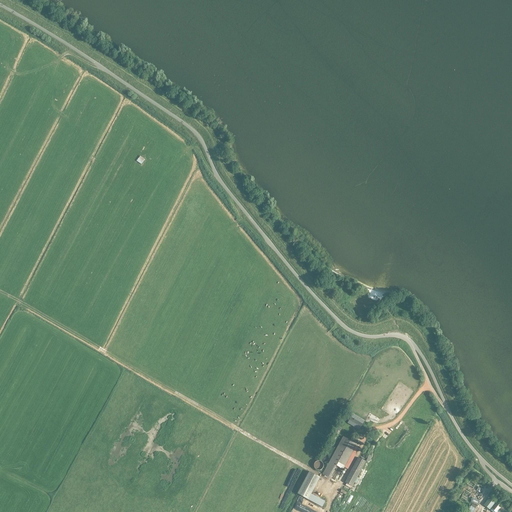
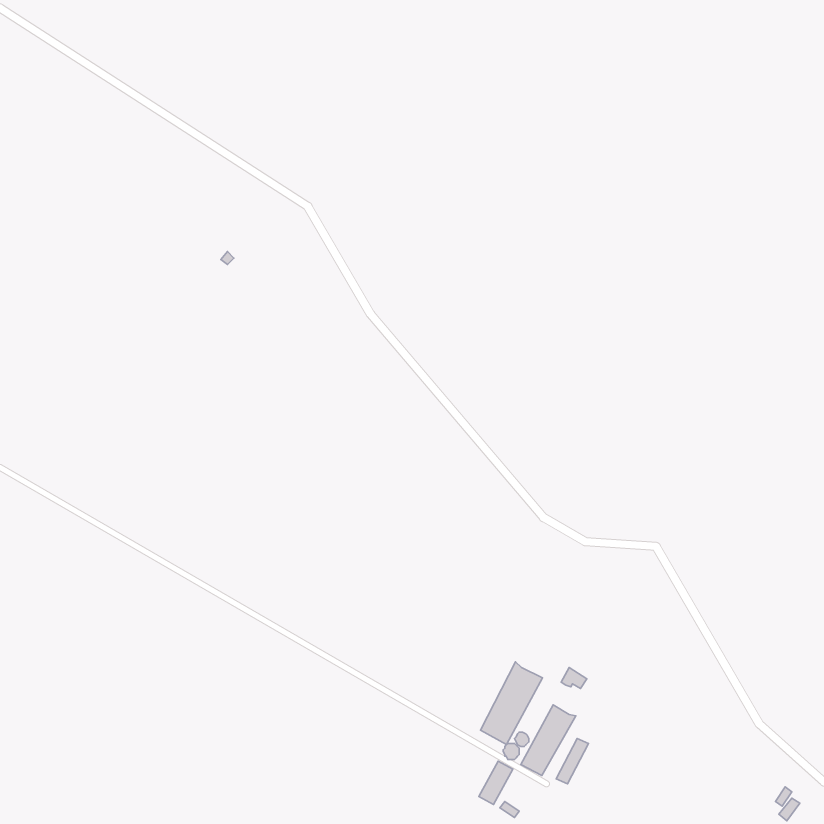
building: none -> [480,662,543,744]

